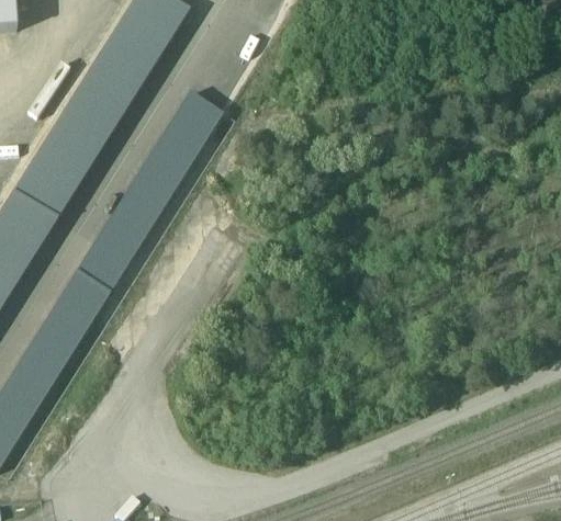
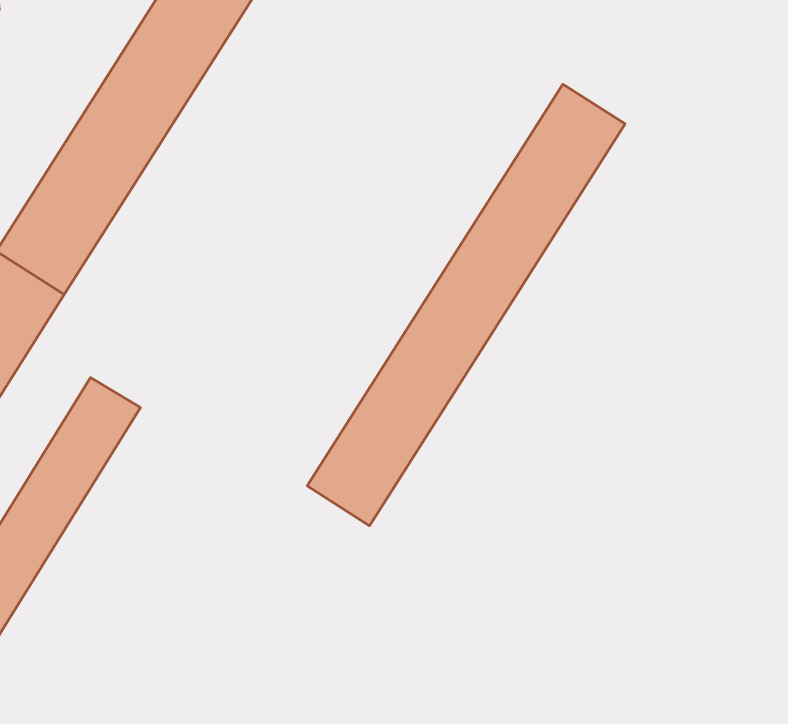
building: none -> [307,84,625,526]
building: [77,91,221,288] -> none

